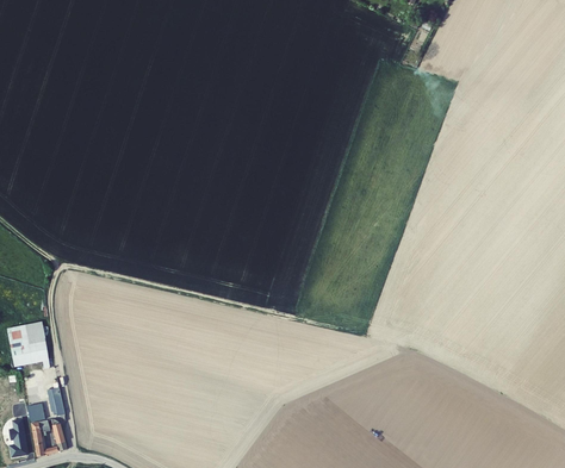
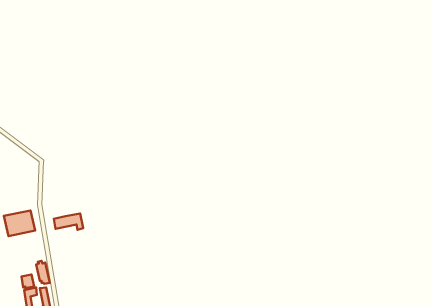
building: [12,347,50,368] -> [54,213,83,230]

